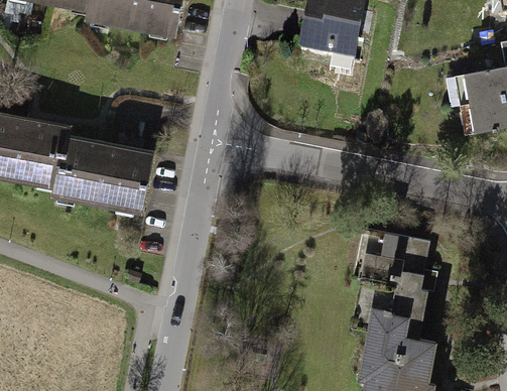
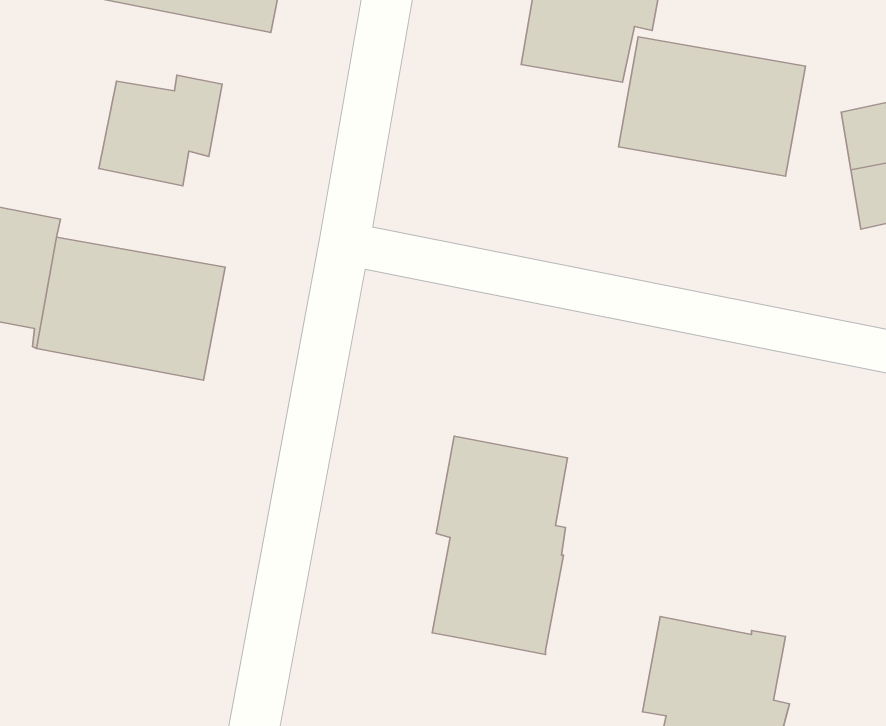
building: none -> [619,37,805,176]
building: none -> [99,75,222,186]
building: [361,229,429,340] -> [432,436,567,655]

